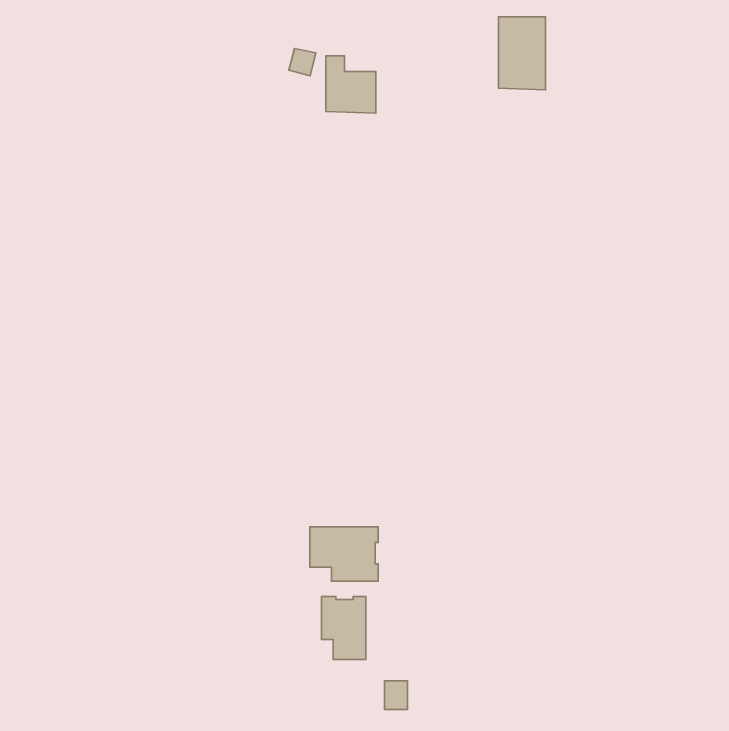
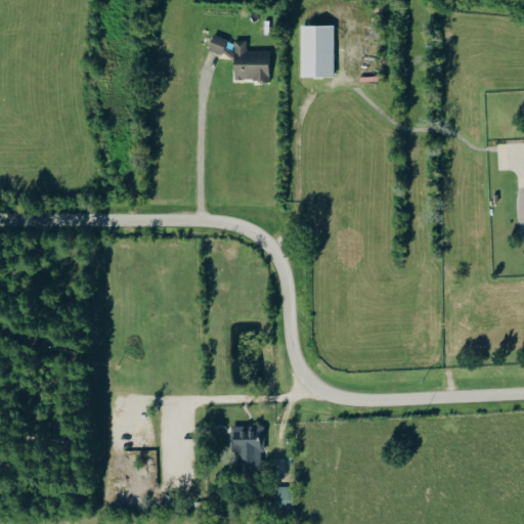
building: [498,17,546,90] -> [300,25,334,77]
building: [310,527,378,581] -> none

